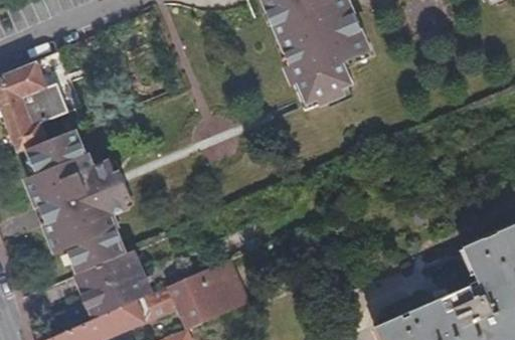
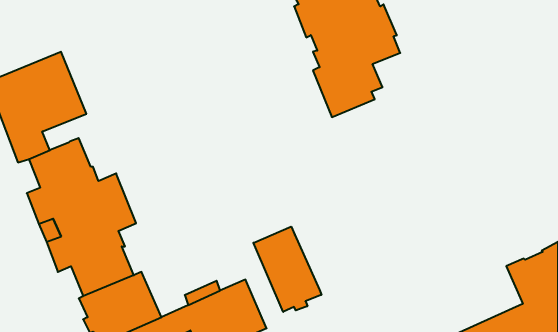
building: none -> [253,227,321,312]

